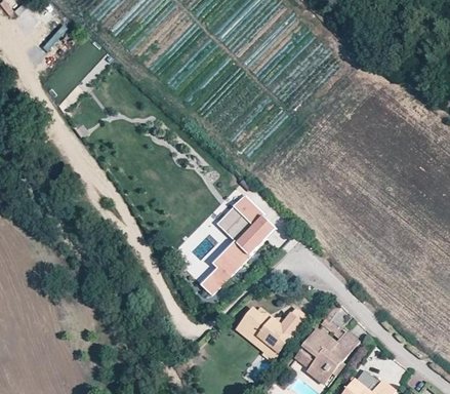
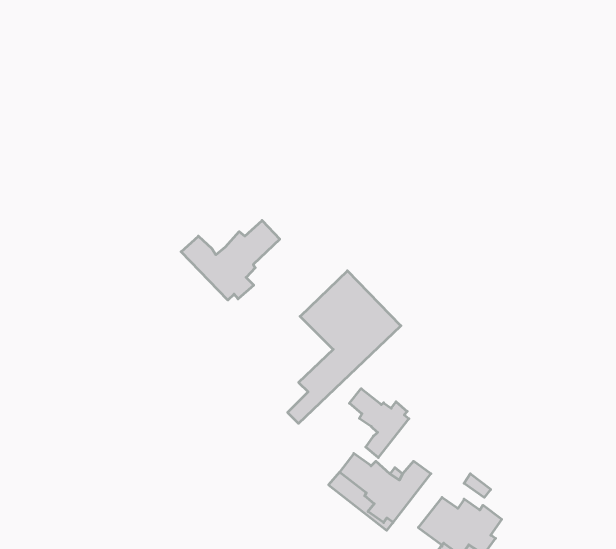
building: none -> [181,220,280,300]
building: none -> [349,389,409,458]

